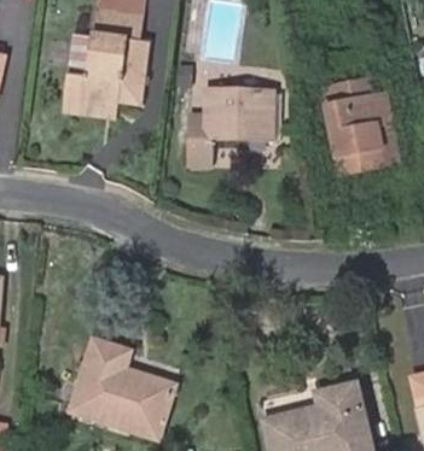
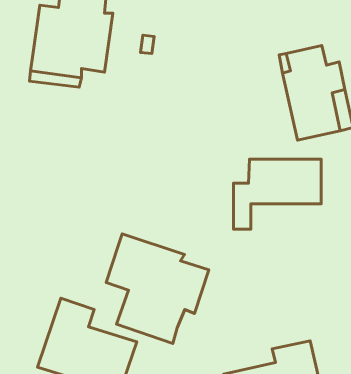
building: [190,90,281,164] -> [233,159,321,229]
building: none -> [106,234,209,343]

